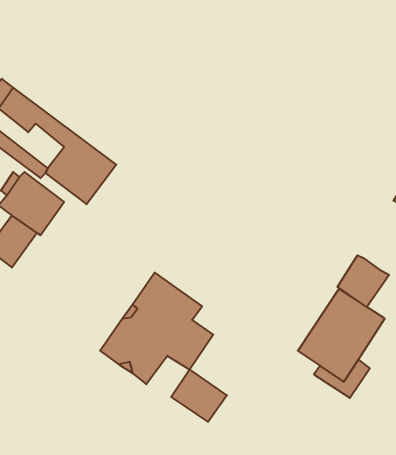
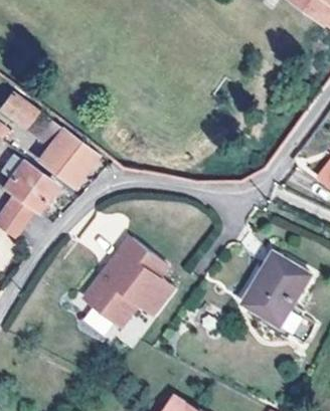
building: [337,255,389,307] -> none
building: [171,369,227,422] -> none

